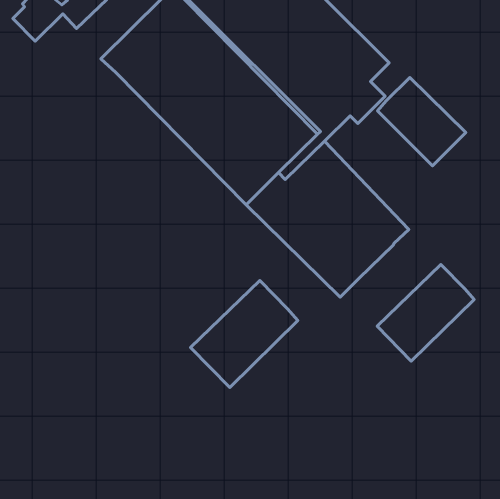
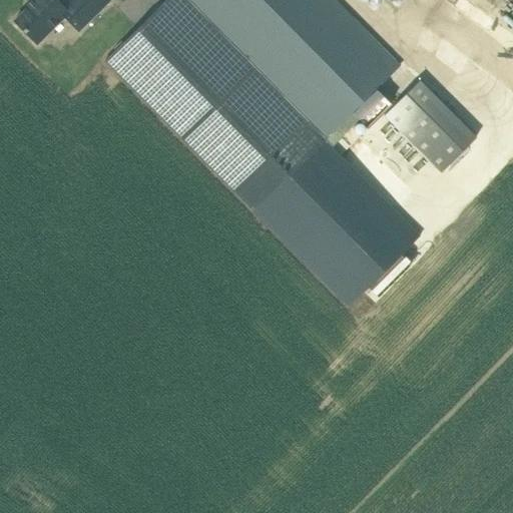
building: [377,265,474,361] -> none
building: [191,281,298,387] -> none

